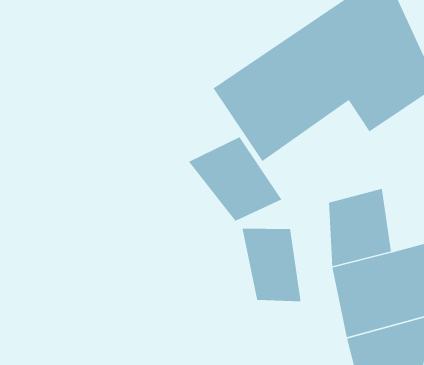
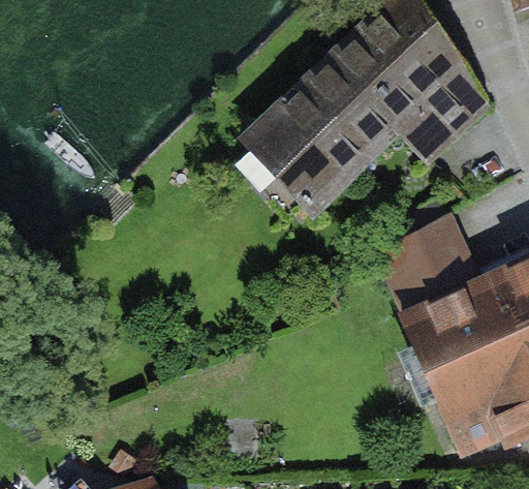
building: [188,136,283,222] -> none
building: [241,228,301,302] -> none

